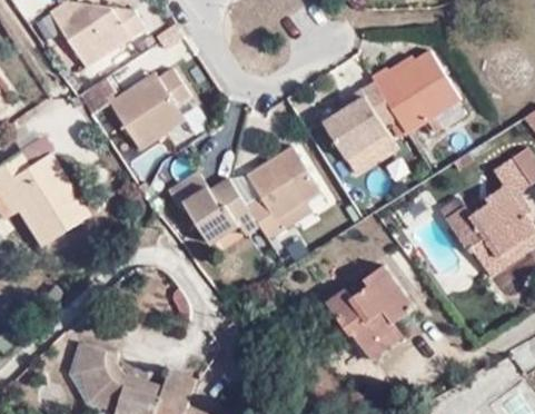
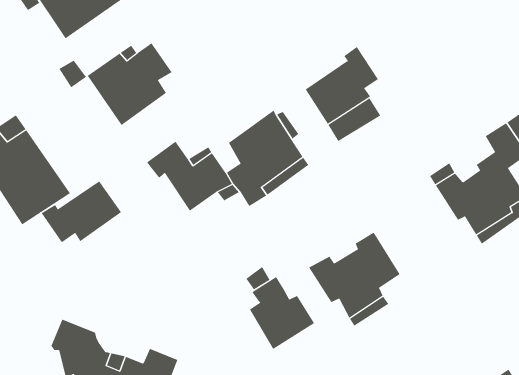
building: [369,49,458,129] -> none
building: none -> [41,181,122,243]
building: none -> [249,276,315,350]

